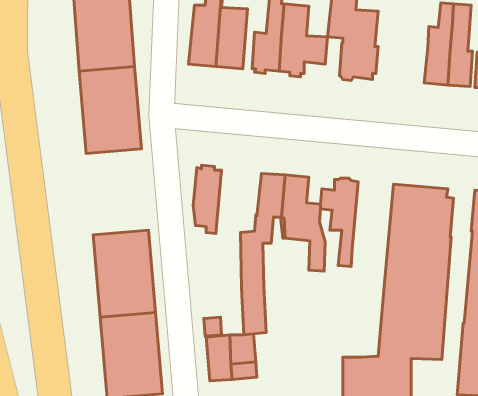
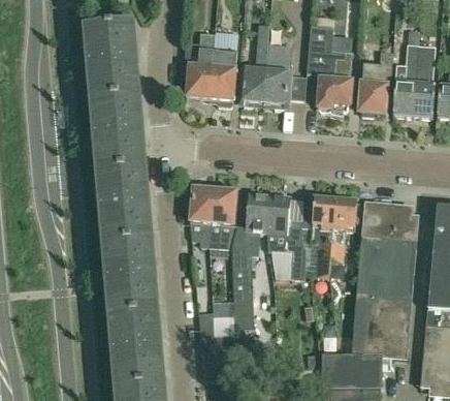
building: none -> [359,51,393,115]
building: none -> [96,172,151,247]
building: none -> [210,188,236,247]
building: none -> [329,199,357,260]

